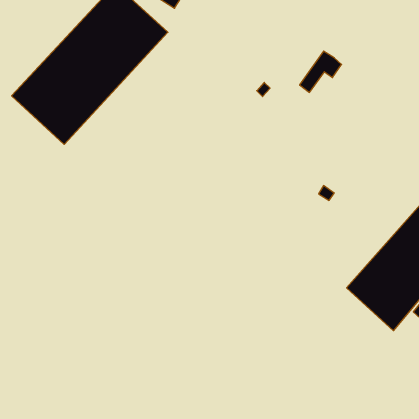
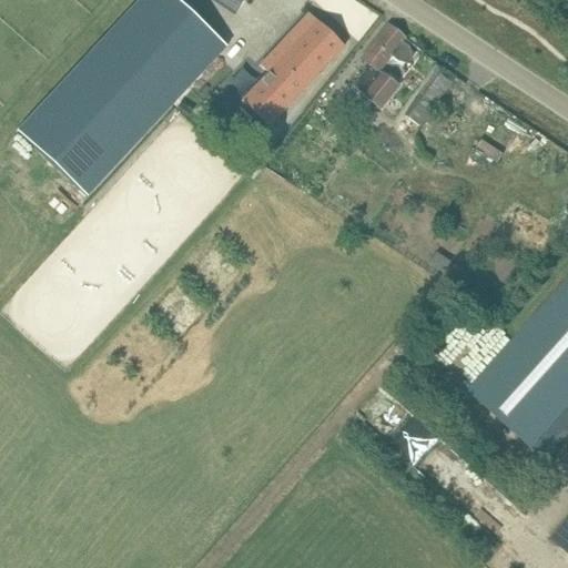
building: none -> [243,10,345,123]
building: none -> [353,22,415,105]

